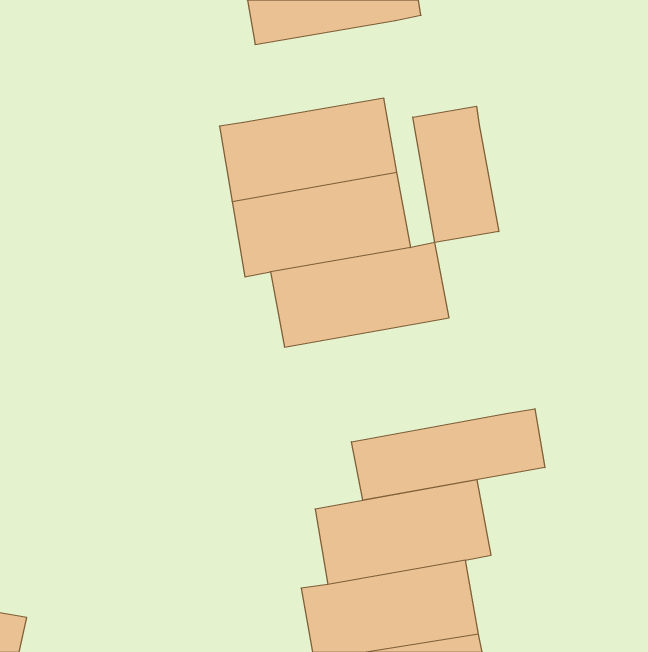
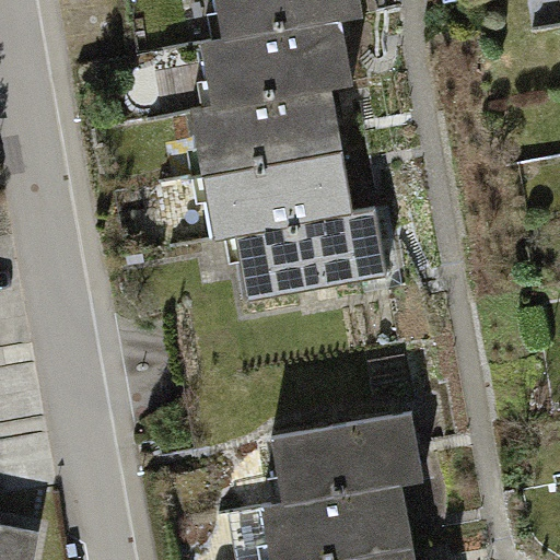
building: none -> [198,18,350,105]
building: [413,106,499,242] -> none
building: [351,409,545,500] -> none

